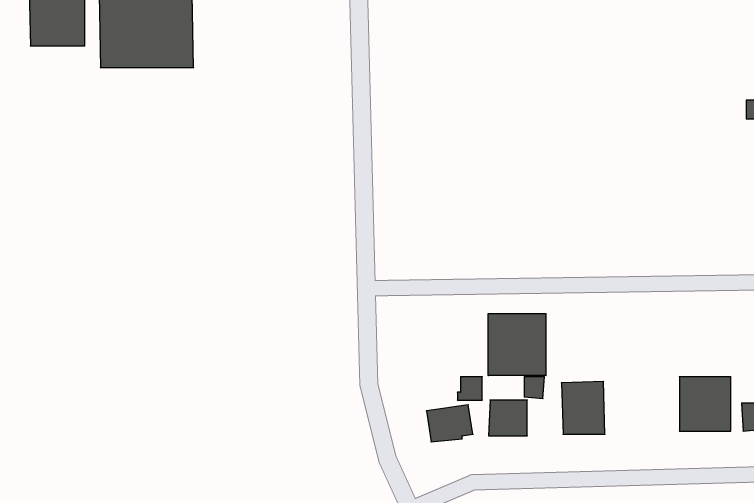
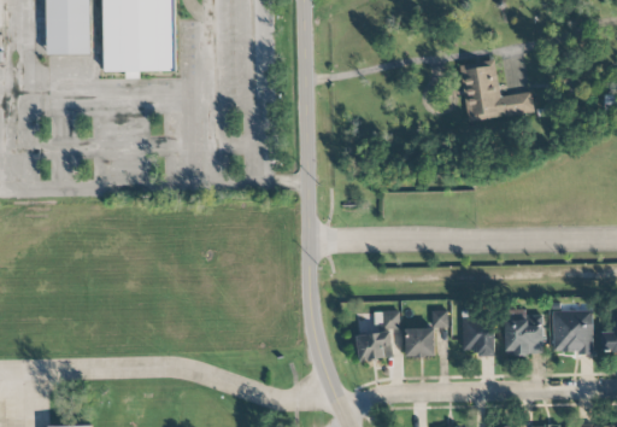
building: none -> [459,59,533,121]
building: [488,314,546,376] -> none
building: none -> [504,309,542,353]

